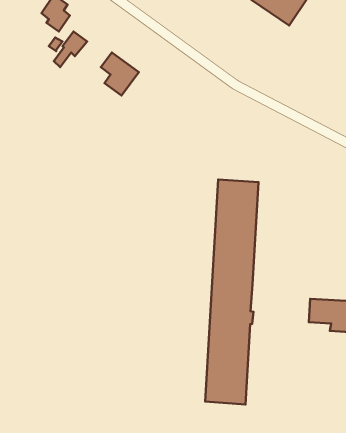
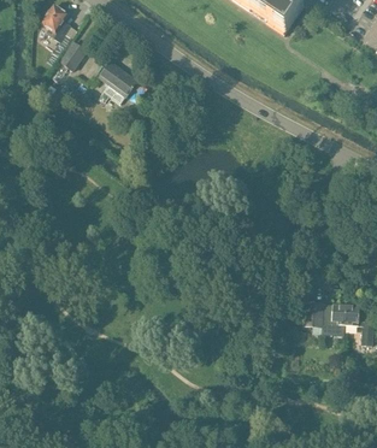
building: [205,179,258,404] -> none

